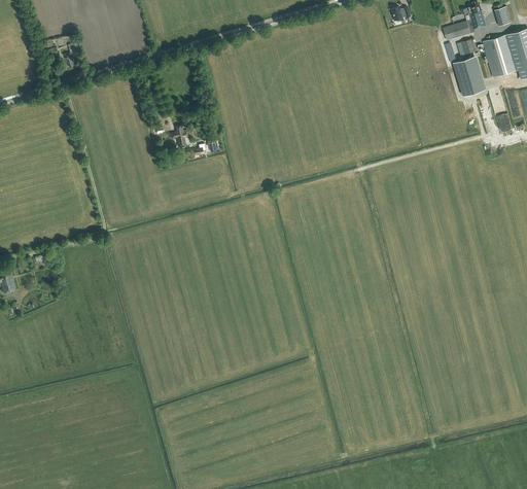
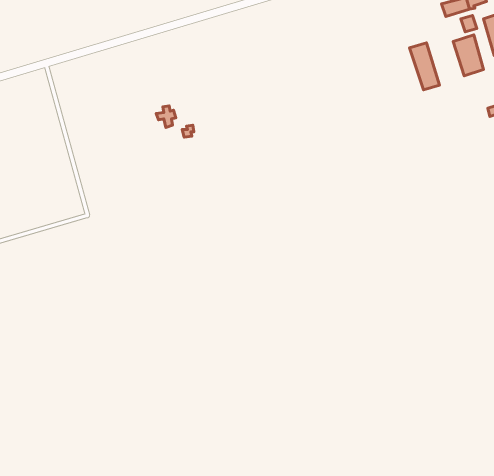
building: none -> [409,43,440,90]

